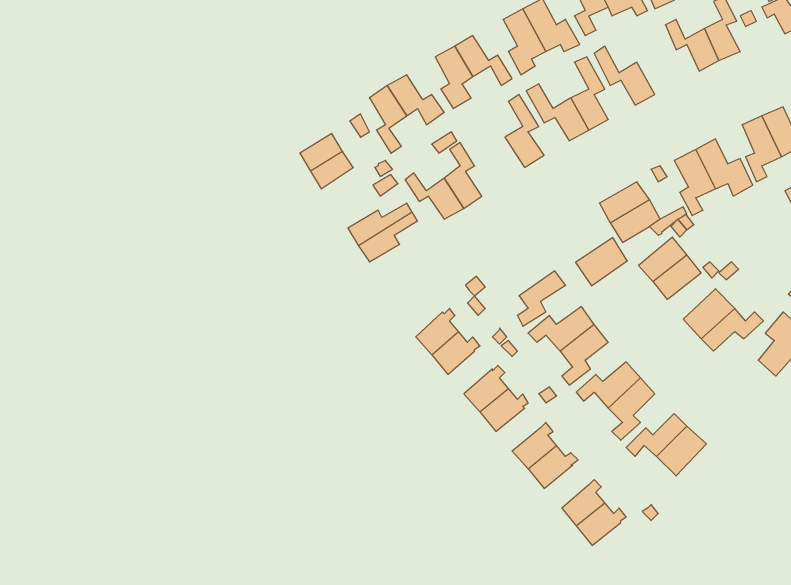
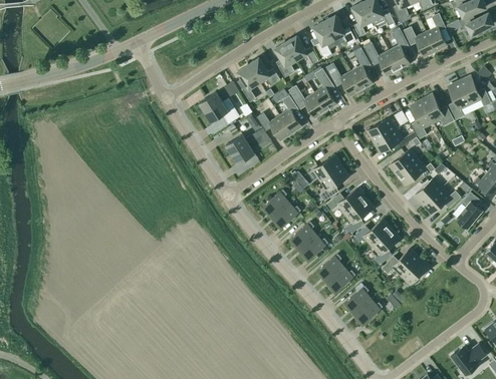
building: none -> [389,28,410,69]
building: none -> [289,86,325,117]
building: [576,238,627,286] -> [313,155,342,182]

